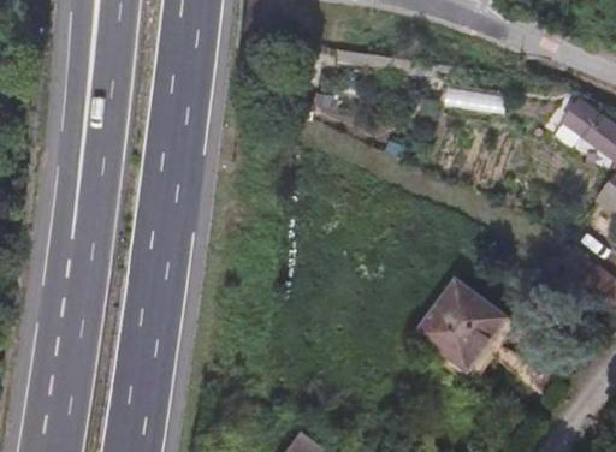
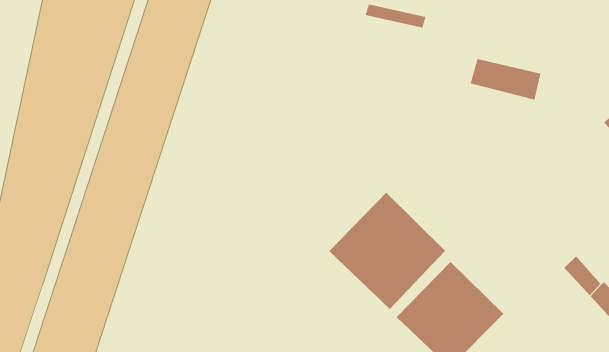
building: none -> [329,192,446,310]

